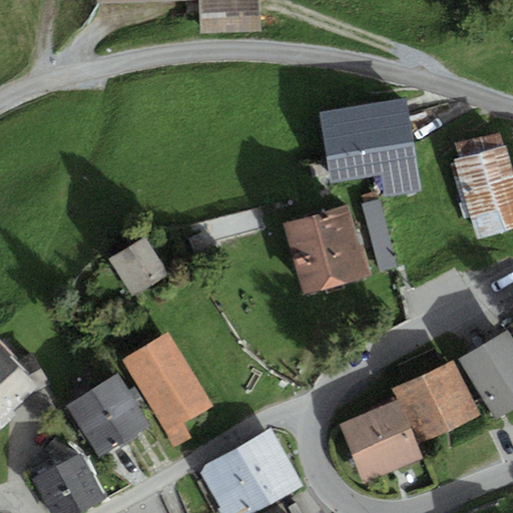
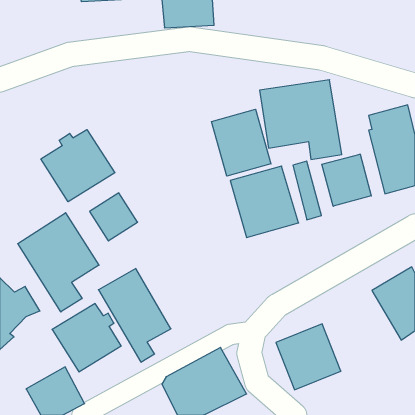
building: none -> [211,109,271,176]
building: none -> [41,130,115,202]
building: none -> [322,154,371,206]
building: none -> [18,213,99,312]
building: [396,362,478,441] -> none

